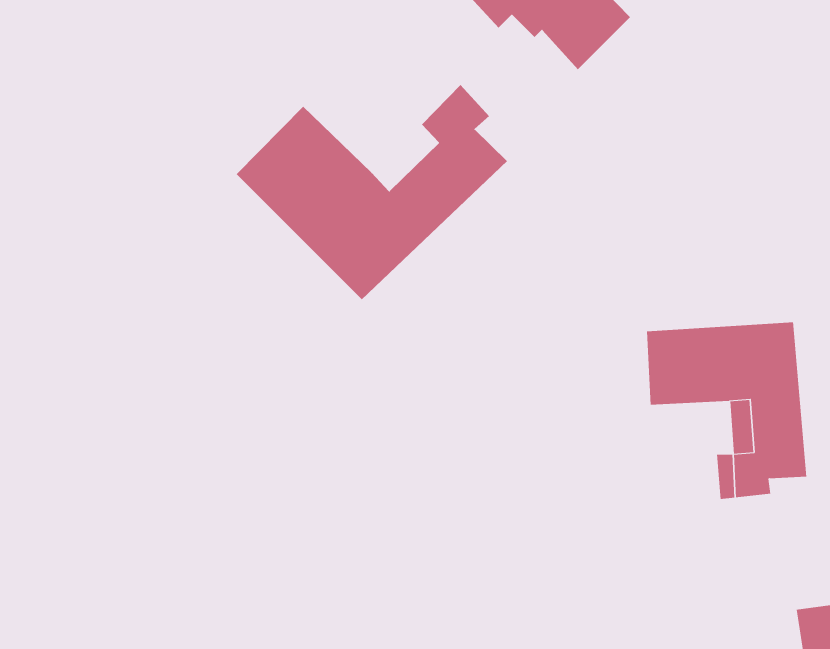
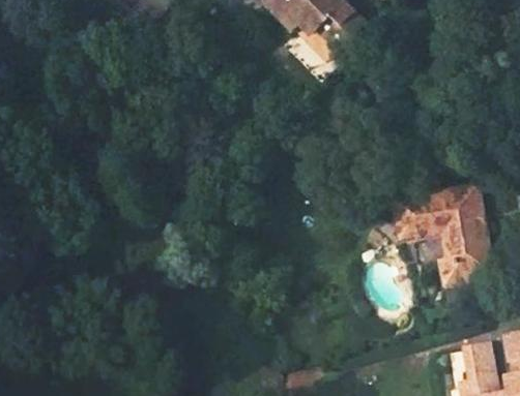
building: [236,84,508,300] -> none

